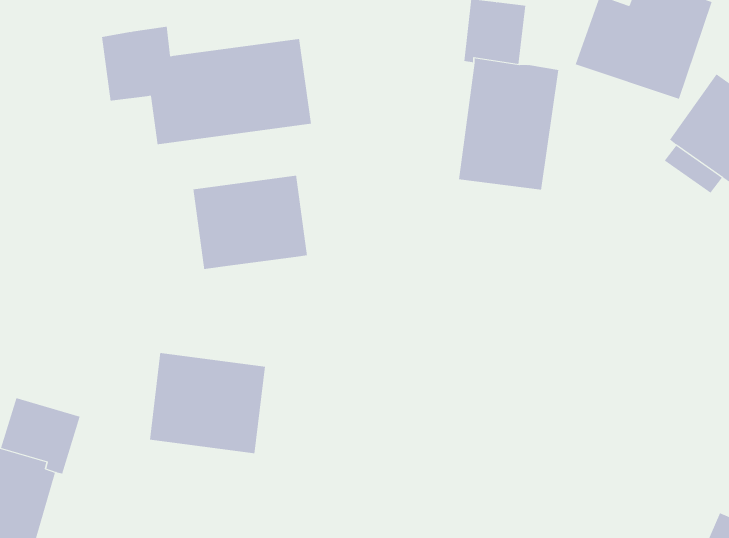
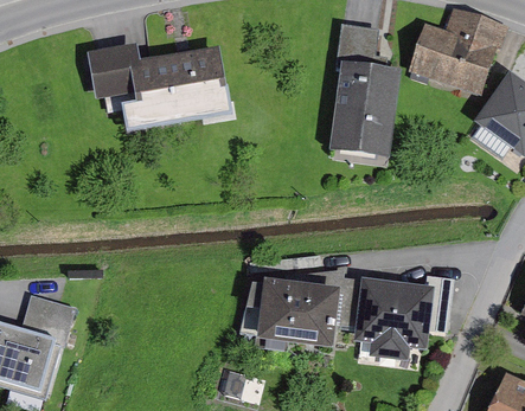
building: [193,175,307,270] -> none
building: [149,353,266,454] -> [260,278,339,347]
building: none -> [357,276,430,358]

